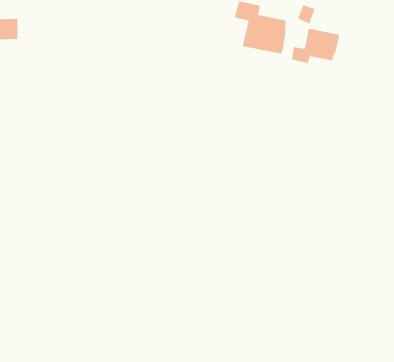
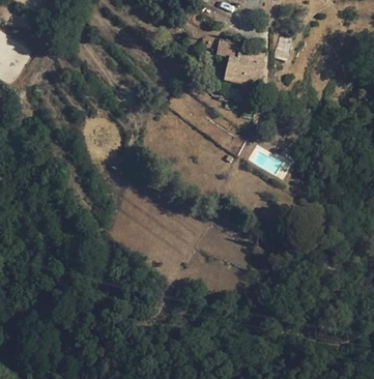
building: [291,28,340,64] -> none

